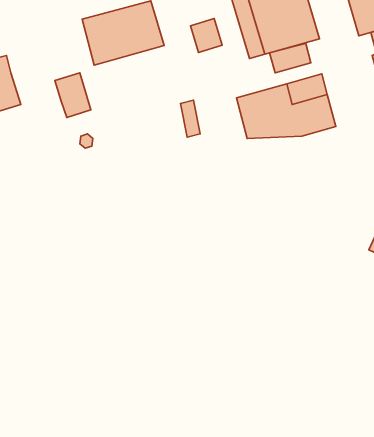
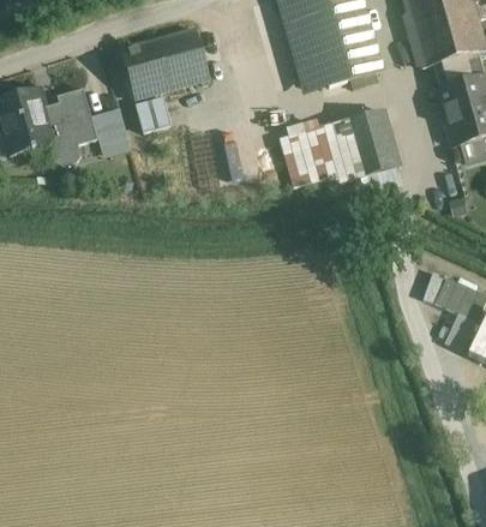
building: [191,19,222,52] -> none
building: [270,44,311,73] -> none
building: none -> [42,88,97,166]
building: none -> [134,95,169,131]

